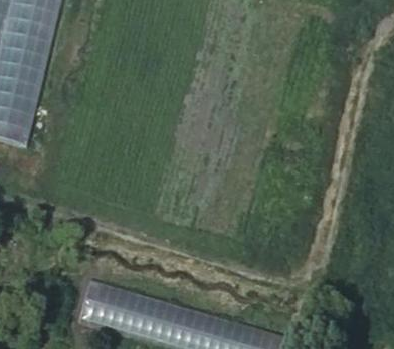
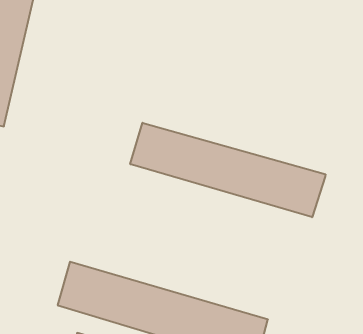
building: none -> [130,123,325,217]

